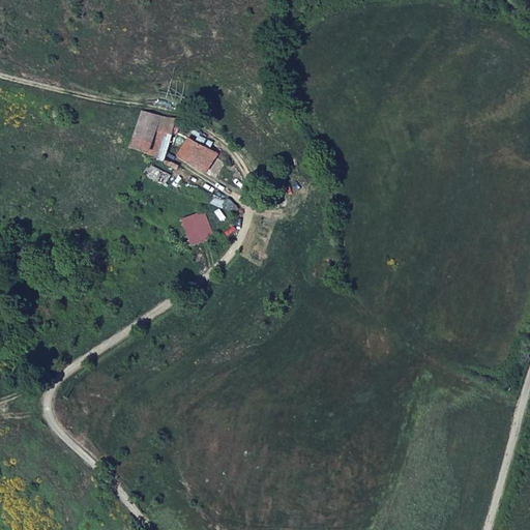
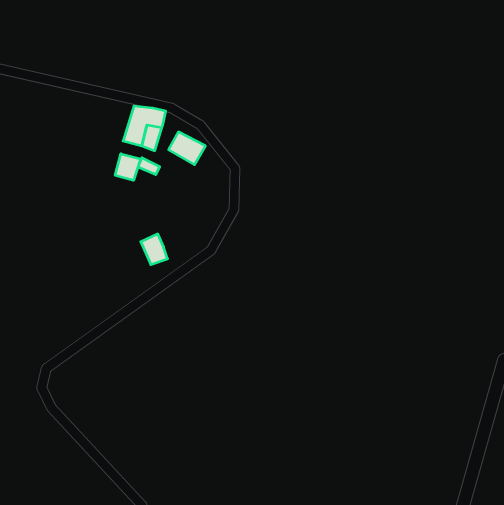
building: none -> [115,154,140,180]
building: [185,211,213,243] -> [141,234,168,265]

